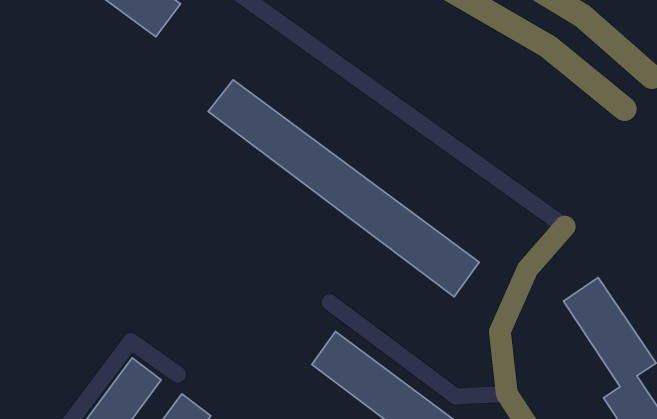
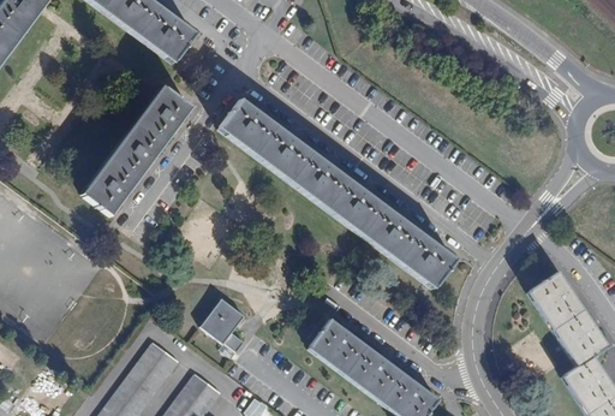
building: none -> [82,85,191,215]
building: none -> [202,298,245,357]

